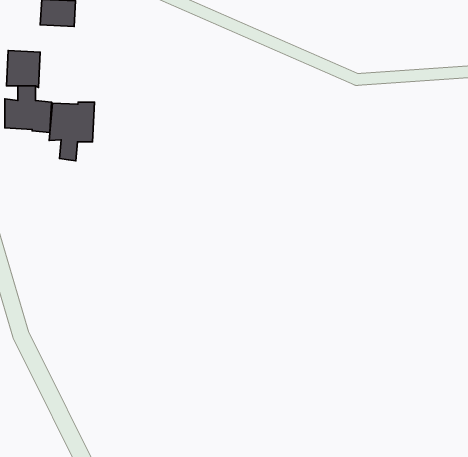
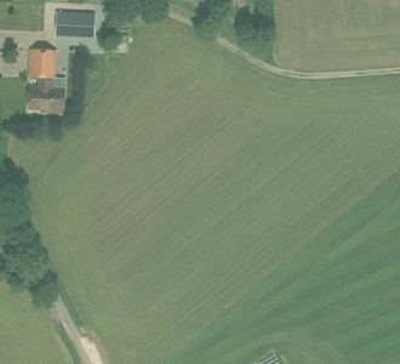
building: [49,102,95,161] -> none

